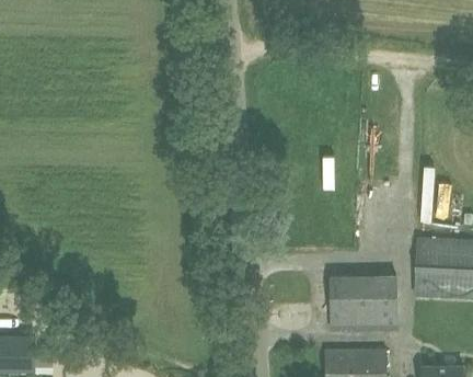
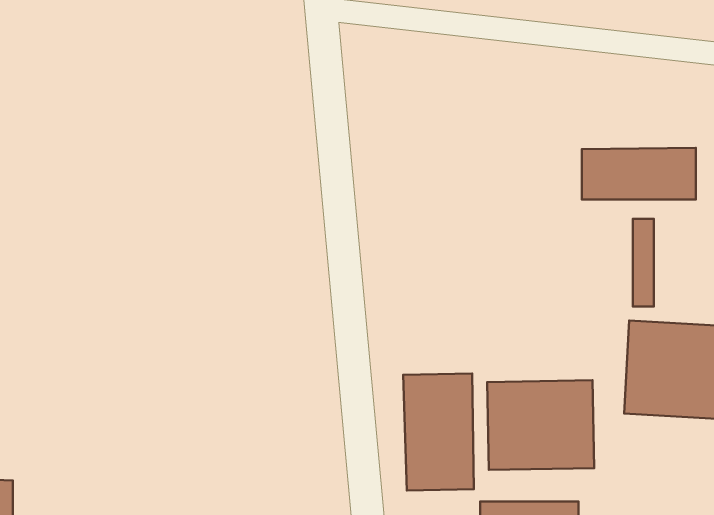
building: none -> [582,148,696,200]
building: none -> [403,374,474,490]

